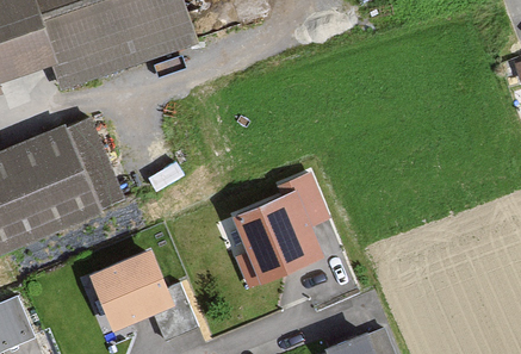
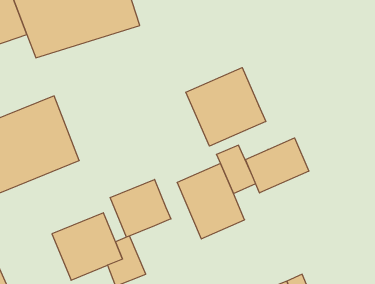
building: none -> [186,68,266,146]
building: none -> [245,138,309,193]
building: none -> [110,179,171,237]

